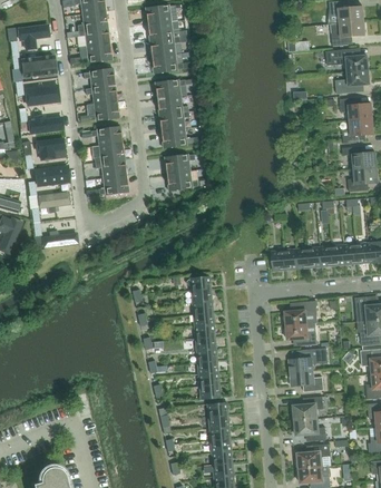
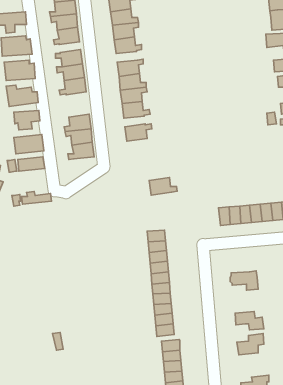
building: [90,126,123,146] -> none
building: [166,170,198,191] -> [149,178,177,195]
building: [284,301,318,325] -> none
building: [290,348,329,372] -> none
building: [295,418,326,441] -> none

